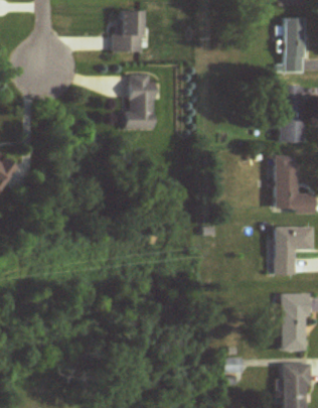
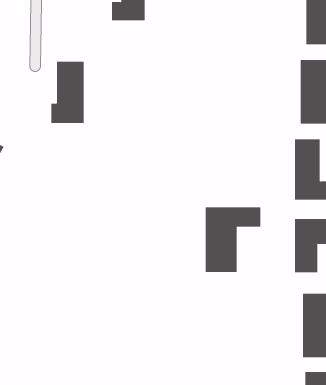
building: [124,74,154,129] -> [50,61,85,123]
building: none -> [205,207,261,273]

